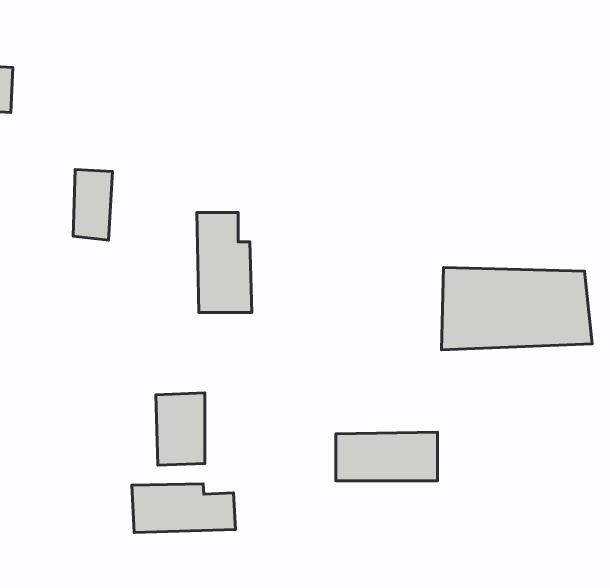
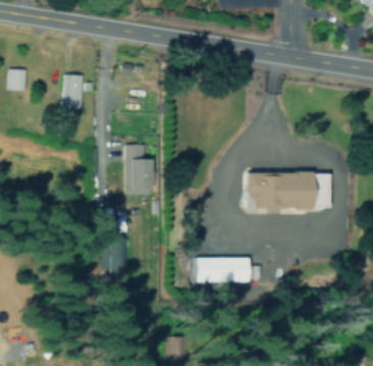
building: [73,170,112,240] -> [61,73,82,110]
building: [132,484,235,532] -> none

